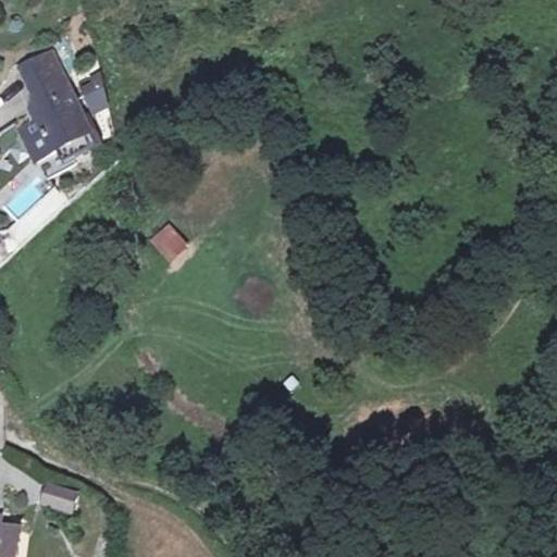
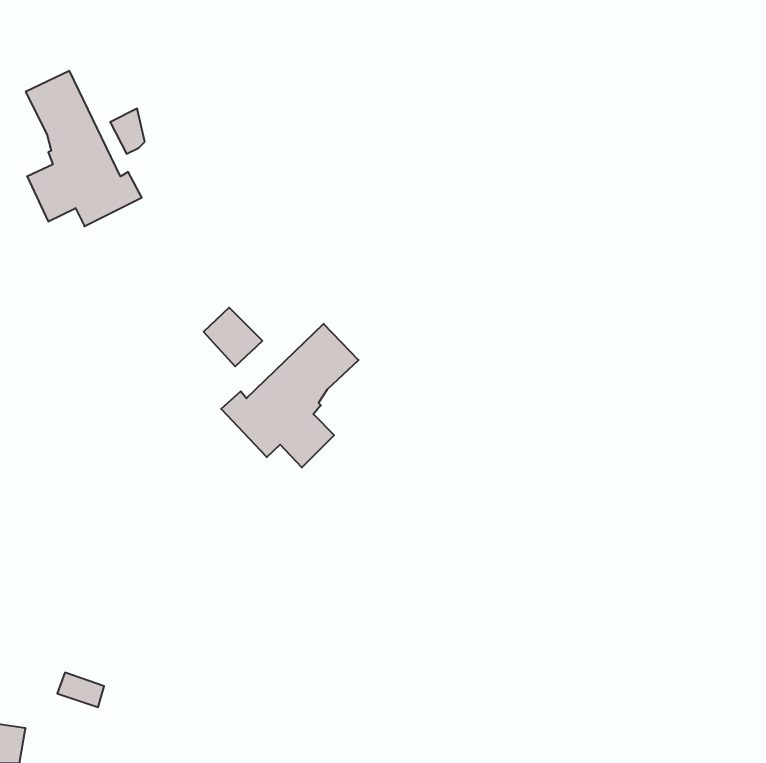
building: none -> [221,324,359,468]

